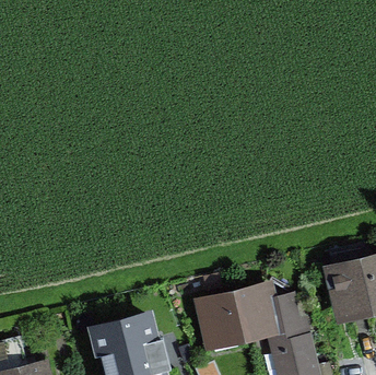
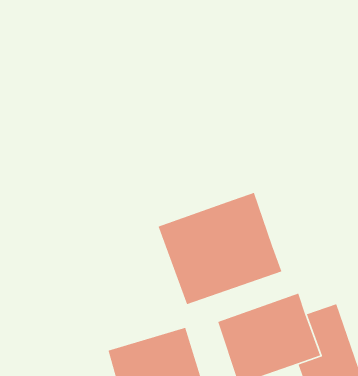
building: none -> [157,192,282,305]

